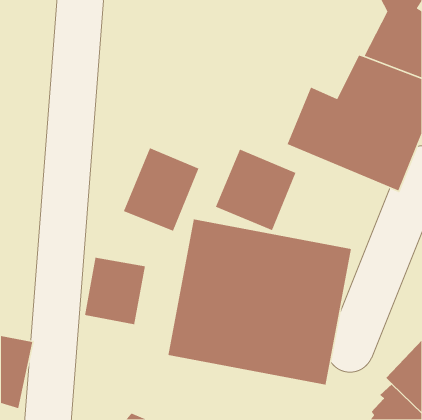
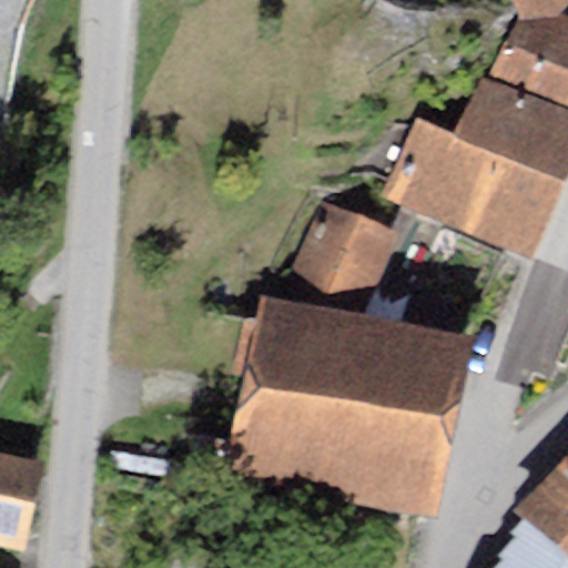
building: [123,147,200,232] -> none
building: [84,257,146,325] -> none

